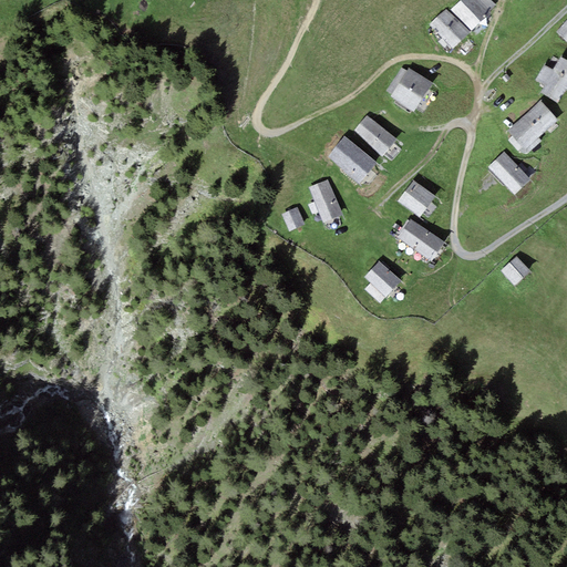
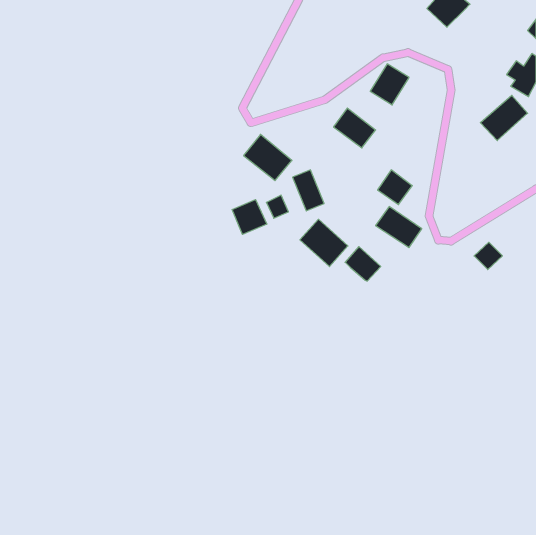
building: [430,8,471,48] -> none
building: [327,135,378,184] -> [244,134,292,181]
building: [487,151,530,194] -> none
building: none -> [232,200,267,234]
building: none -> [300,219,348,267]

